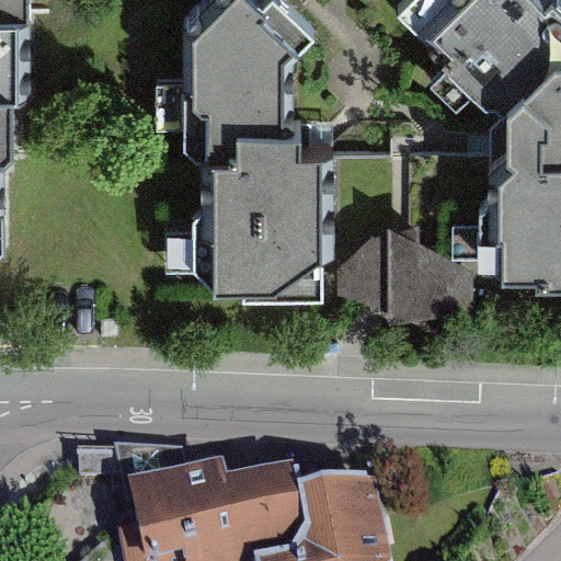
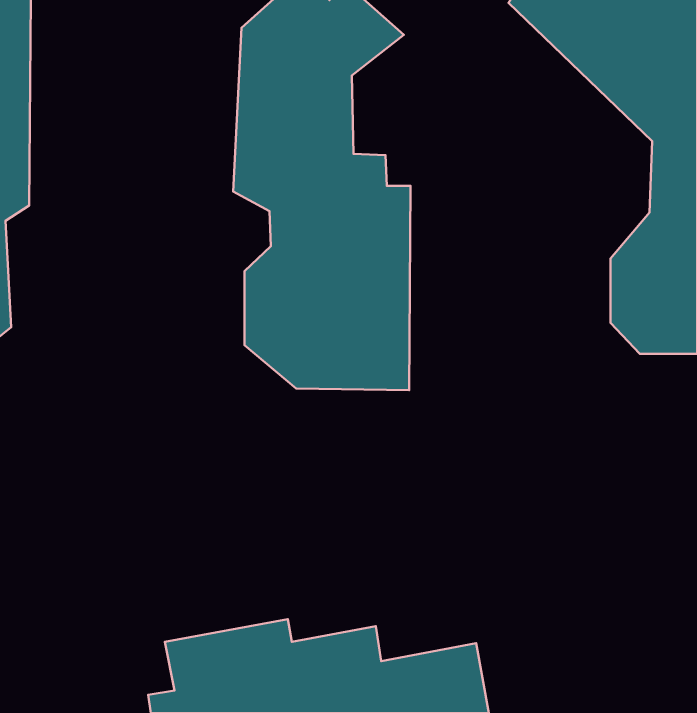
building: [335,224,463,329] -> none

